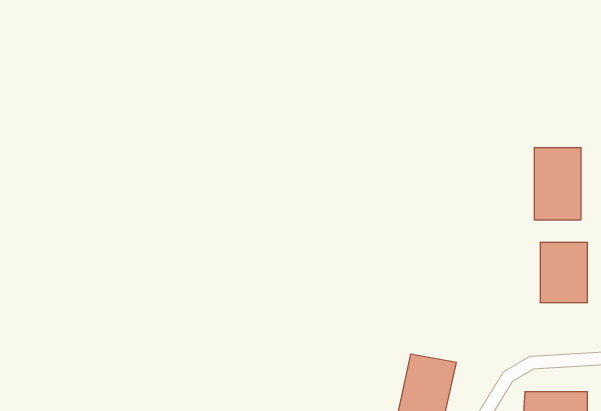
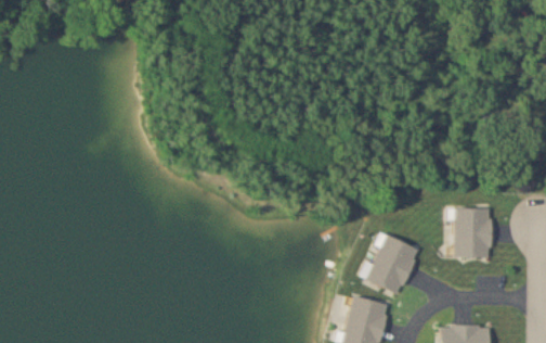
building: [534,147,581,220] -> none
building: none -> [365,233,418,294]

